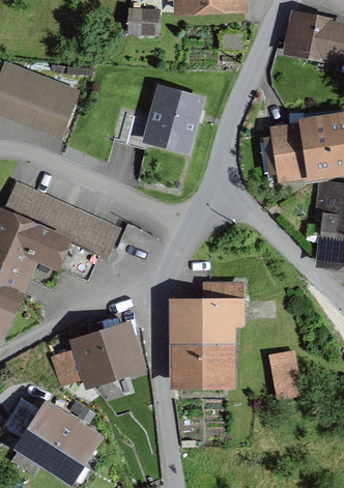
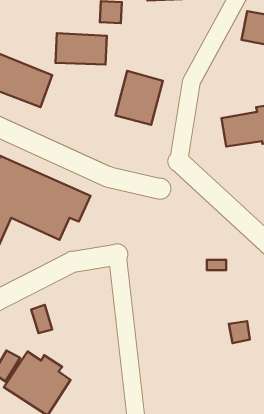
building: none -> [56,33,107,64]
building: [178,284,239,383] -> none
building: [73,327,130,377] -> none

